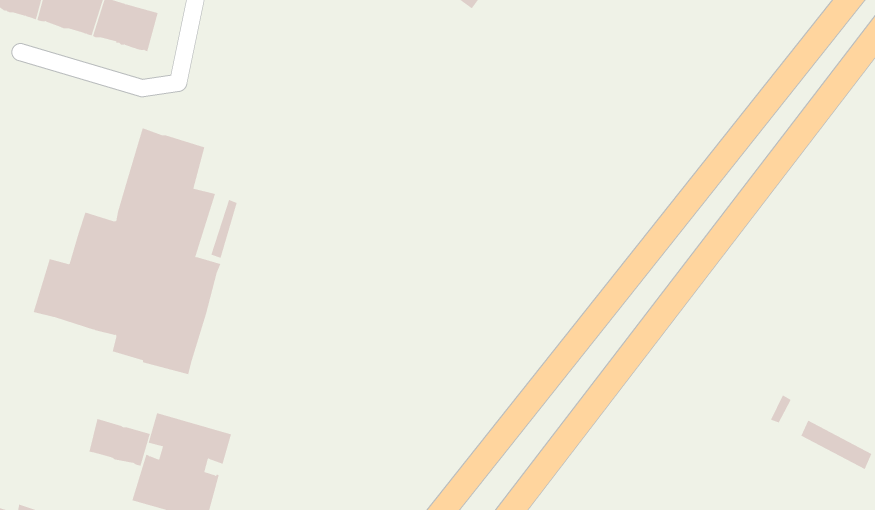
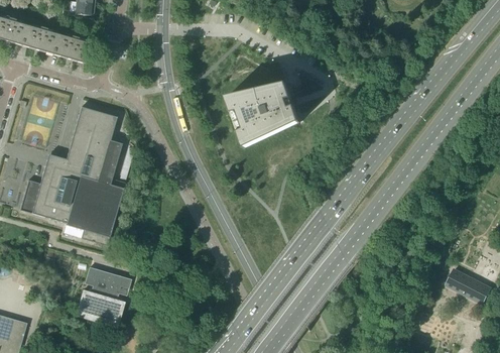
building: none -> [226,82,297,144]
building: [89,418,151,466] -> none

